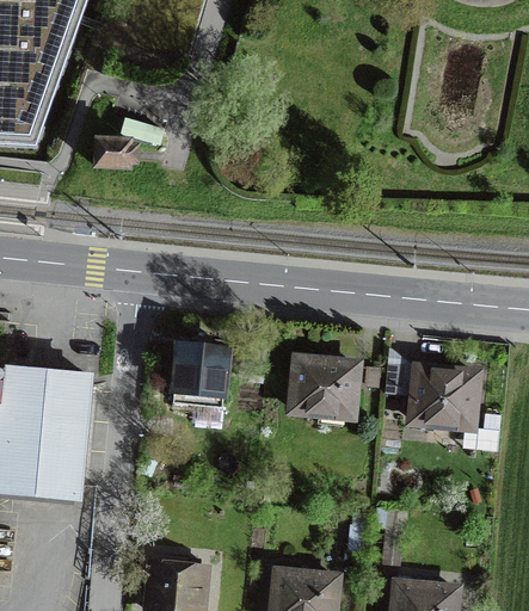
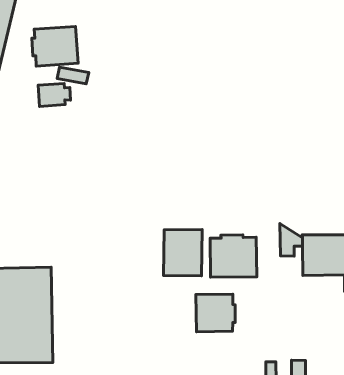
building: none -> [32,26,78,66]
building: [172,344,228,408] -> [163,230,202,276]
building: none -> [196,294,235,332]

